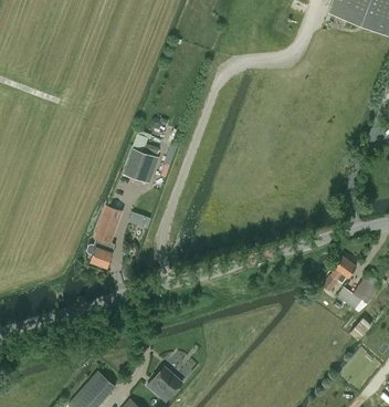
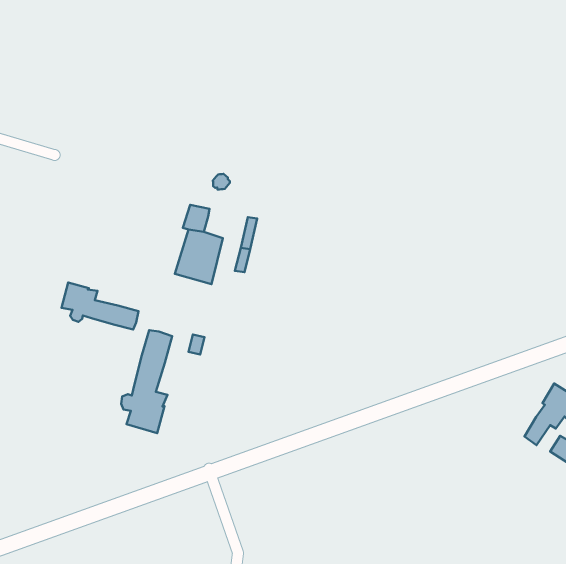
building: none -> [62,283,138,329]

